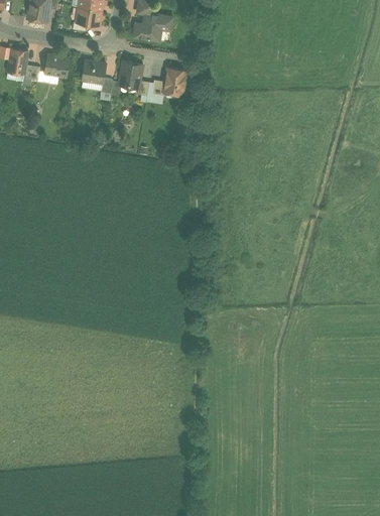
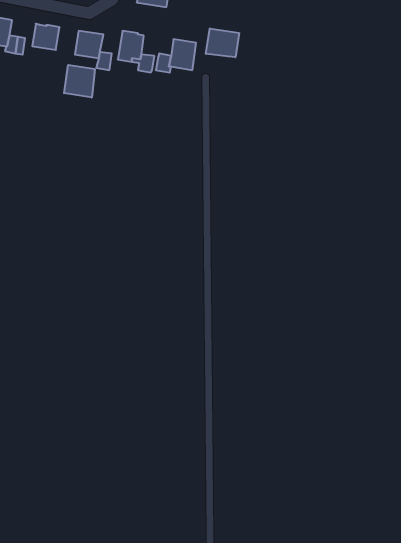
building: none -> [206,28,239,57]
building: none -> [64,65,95,98]

